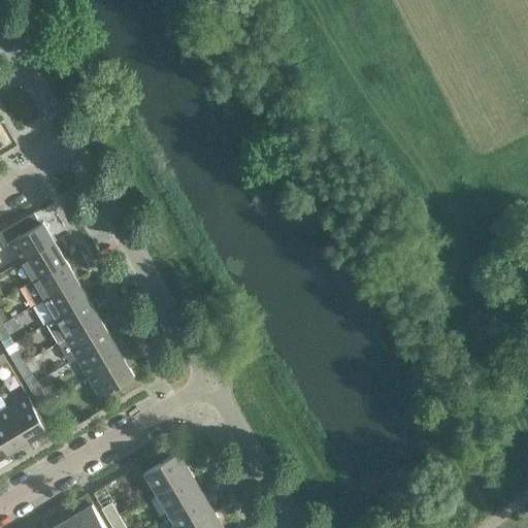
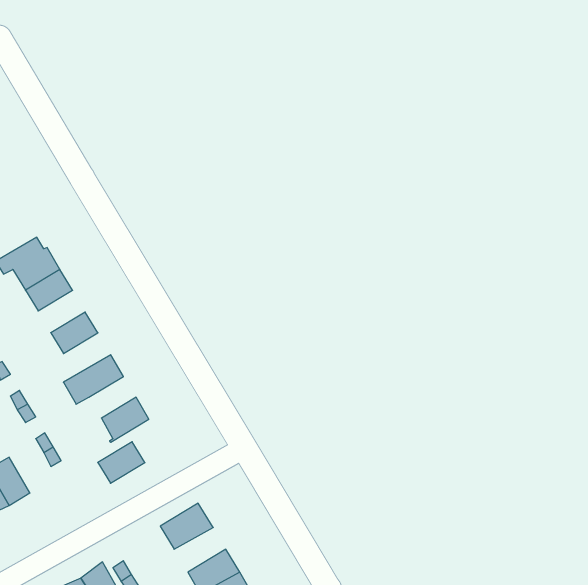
building: [23,263,76,307] -> none
building: [45,301,99,345] -> none
building: [79,340,122,377] -> [98,442,145,483]
building: [8,398,46,444] -> none
building: [156,475,202,516] -> none

